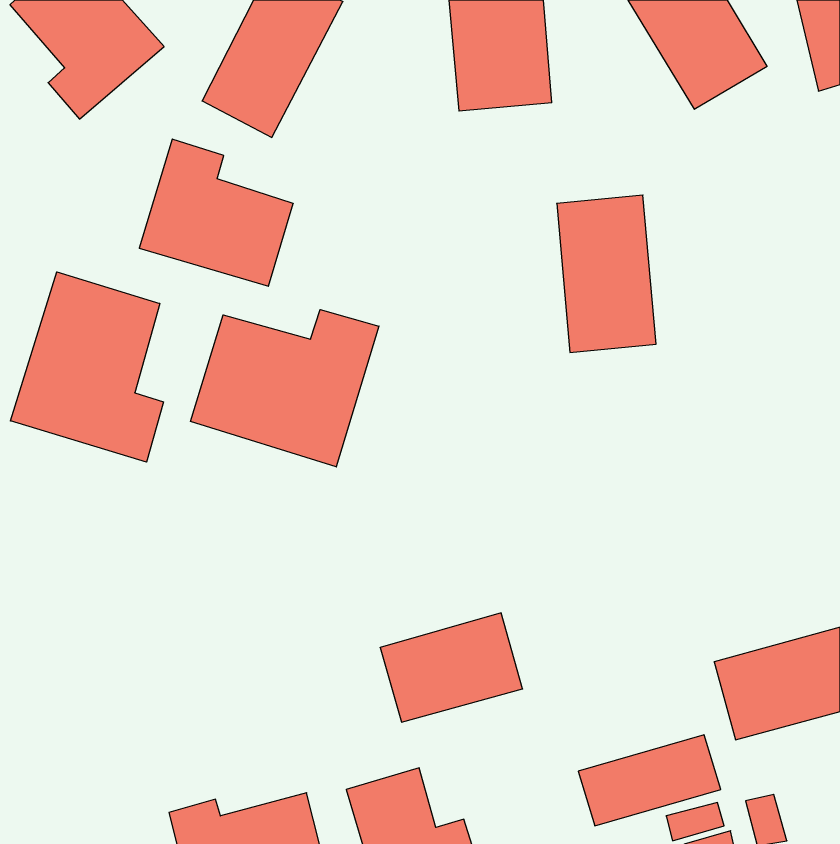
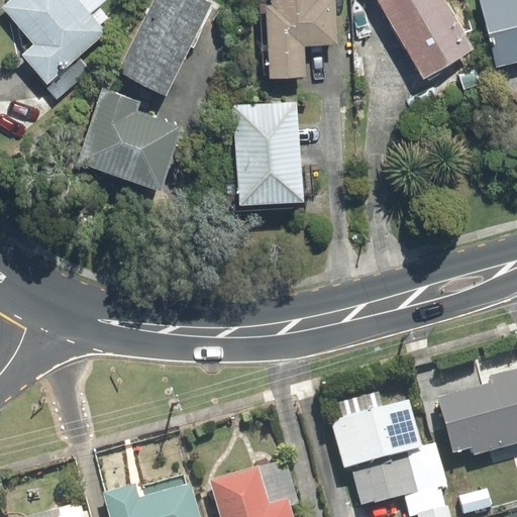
building: [557,195,656,352] -> [239,100,300,196]
building: [10,272,163,462] -> none
building: [190,310,379,467] -> none
building: [380,613,523,722] -> [332,400,419,467]

